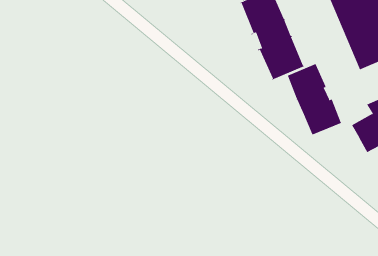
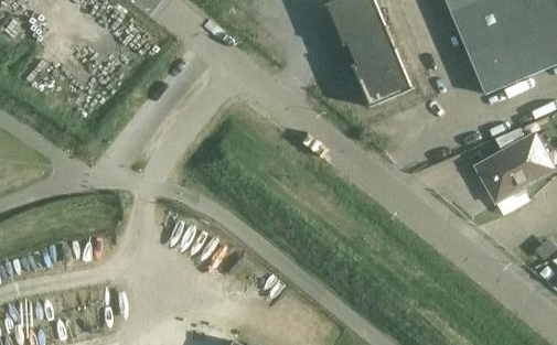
building: [286,63,342,136] -> none

